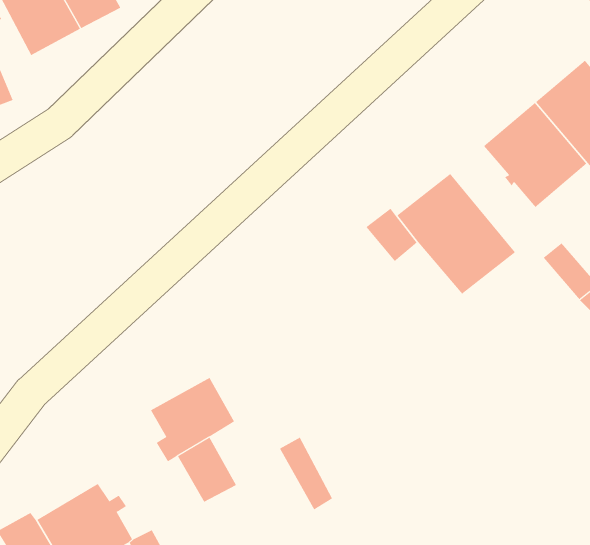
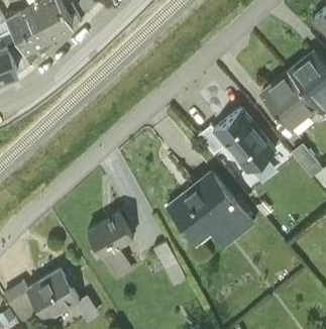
building: none -> [167,174,252,247]

